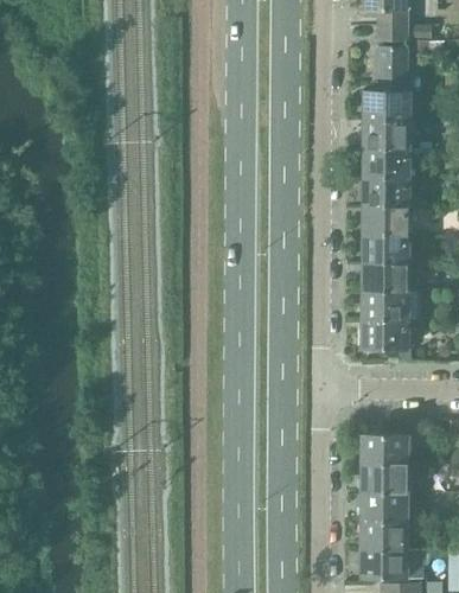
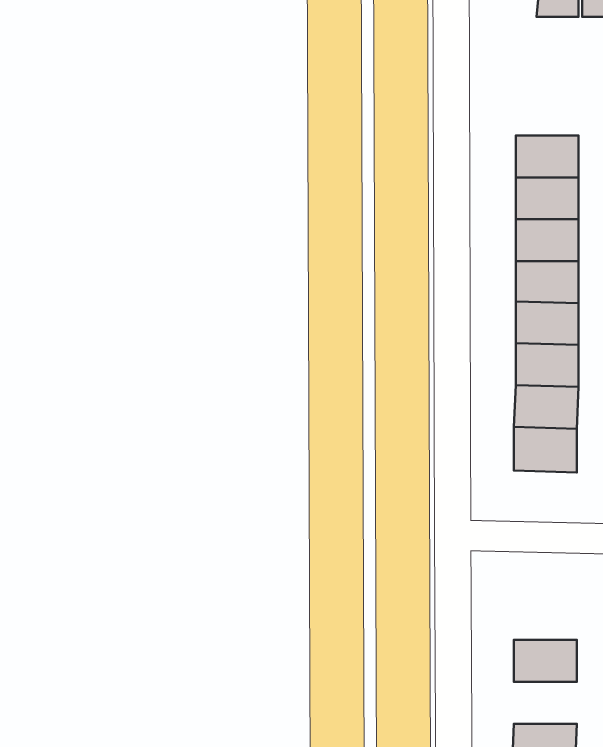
building: [364,46,408,120] -> none
building: [363,433,406,463] -> none
building: [363,491,406,519] -> none

